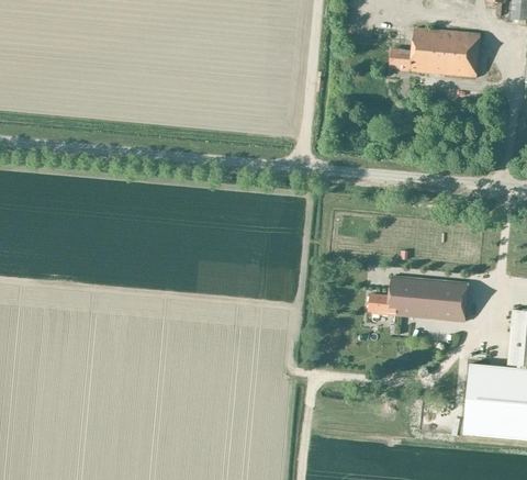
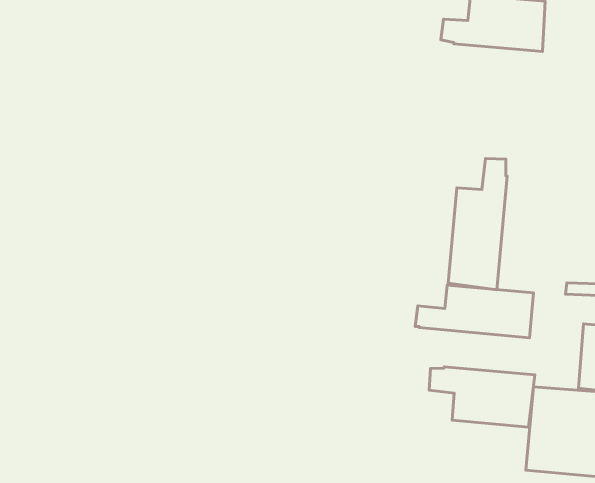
building: none -> [448,158,507,290]
building: none -> [429,367,535,427]

